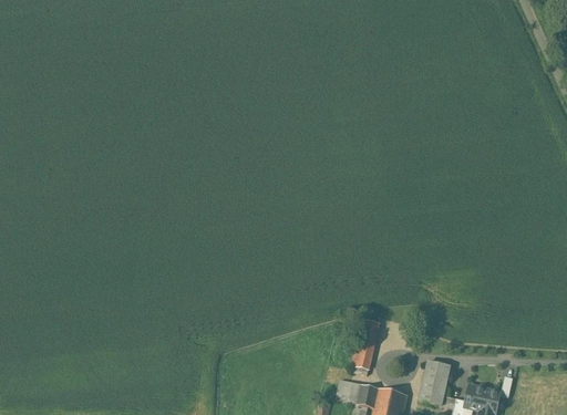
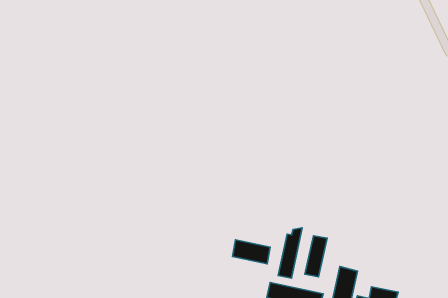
building: none -> [305,236,327,277]
building: none -> [232,240,270,264]

